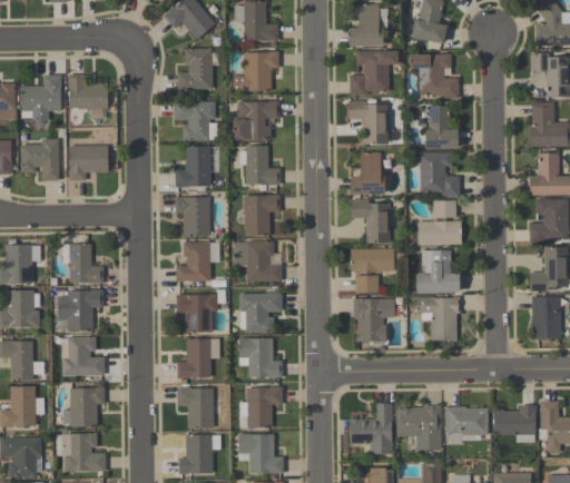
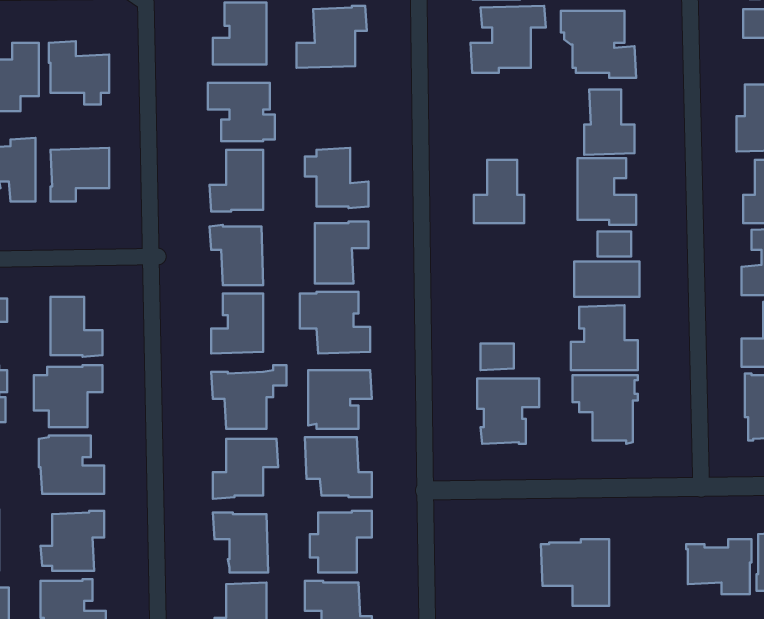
building: [348,99,387,144] -> none
building: [233,100,279,139] -> none
building: [350,198,390,243] -> none
building: [350,248,394,272] -> none
building: [350,403,392,453] -> none
building: [444,406,488,444] -> none

